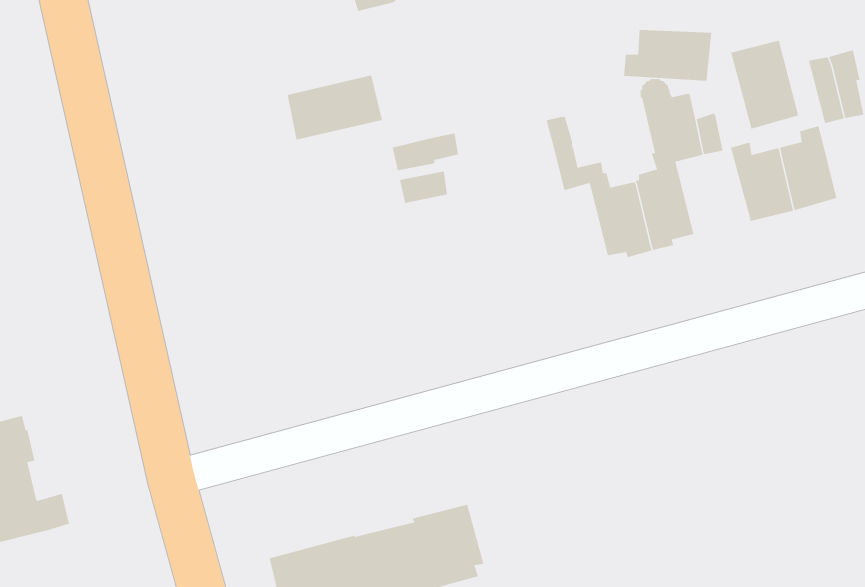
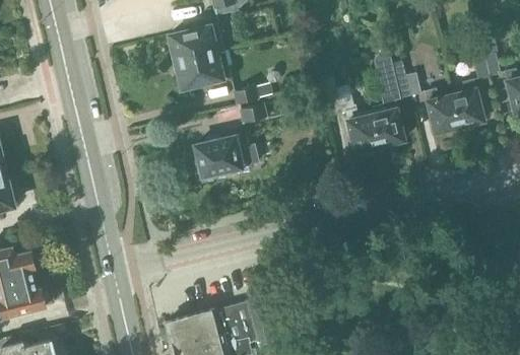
building: none -> [169,24,223,63]
building: [624,29,712,81] -> none
building: [731,40,799,130] -> none
building: none -> [194,134,258,176]

